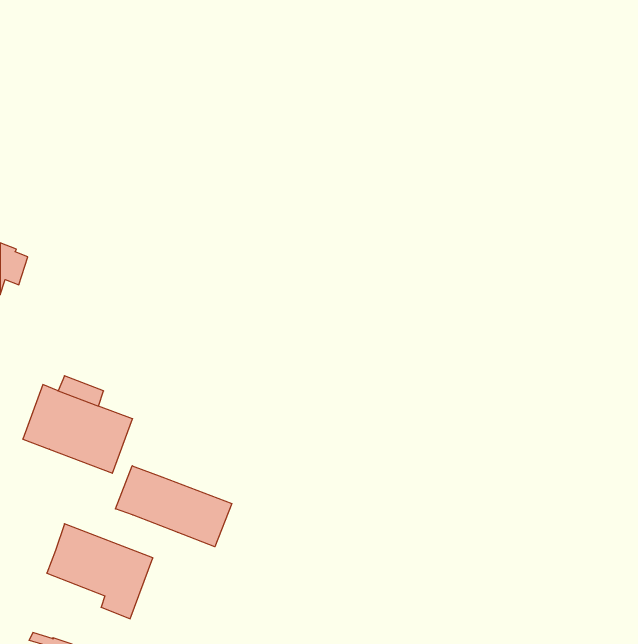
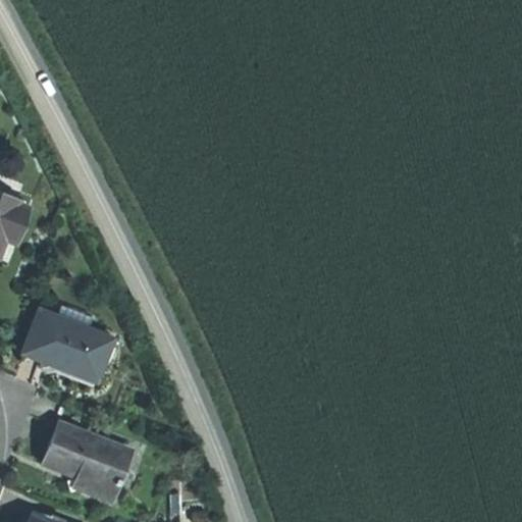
building: [115,466,232,547] -> none

